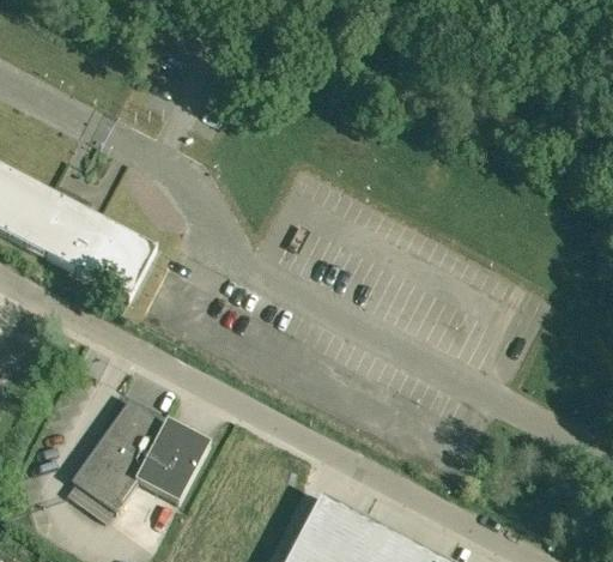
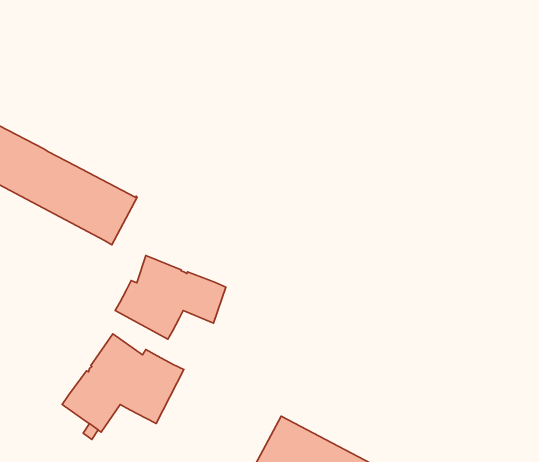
building: none -> [115,255,226,339]

